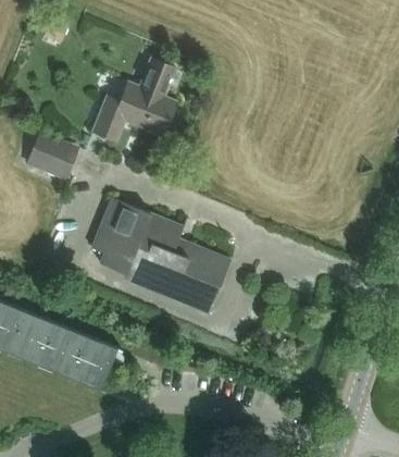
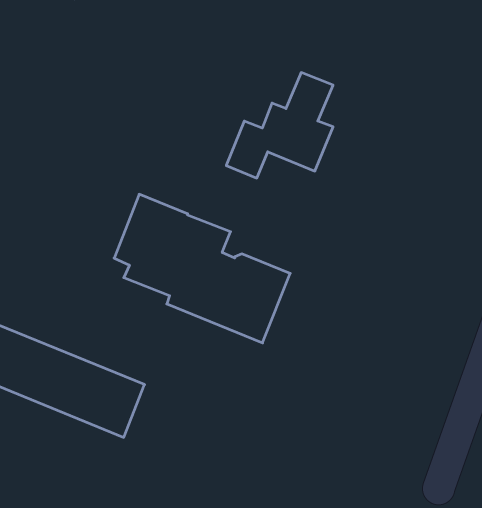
building: [92,59,176,141] -> [226,73,333,178]
building: [24,132,78,182] -> none

